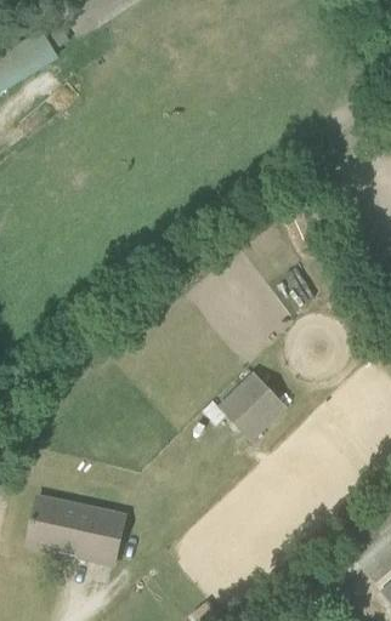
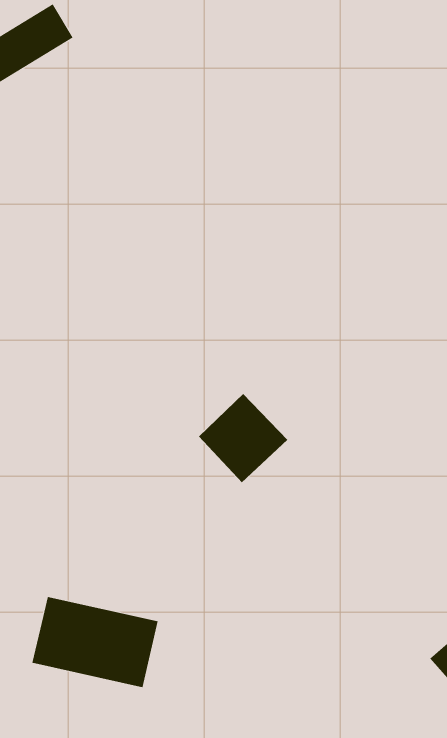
building: [219,371,289,441] -> [198,393,288,483]

